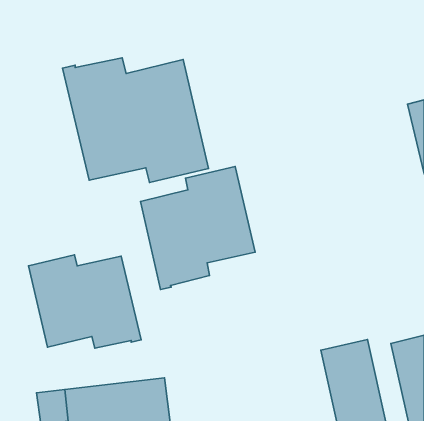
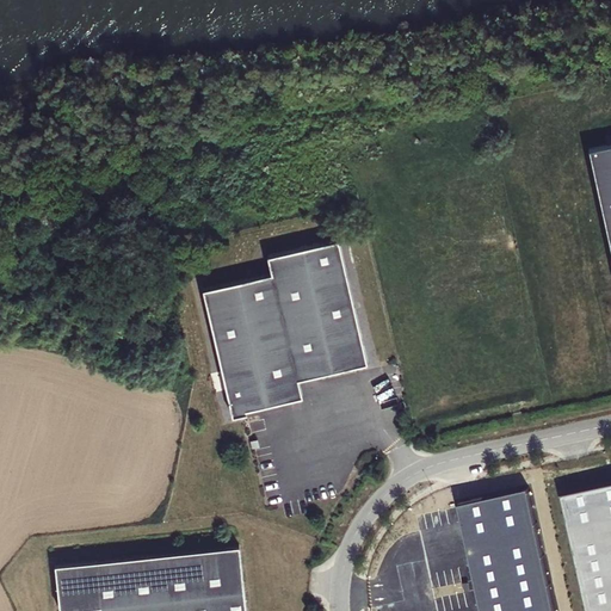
building: [62,58,209,182] -> none
building: [28,255,141,348] -> none

